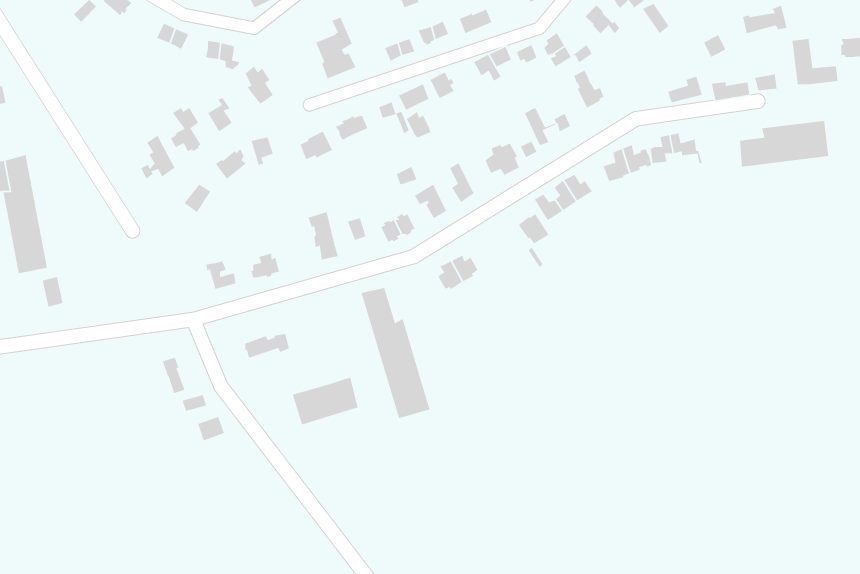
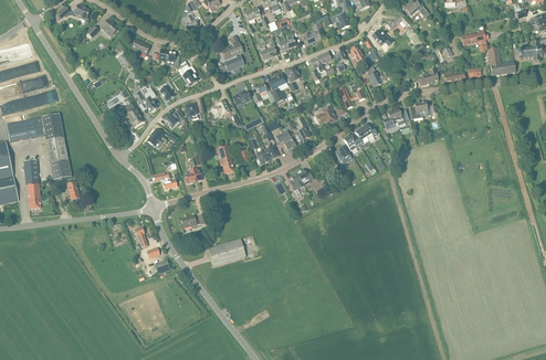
building: [739,120,829,167] -> none
building: [360,287,431,419] -> none

